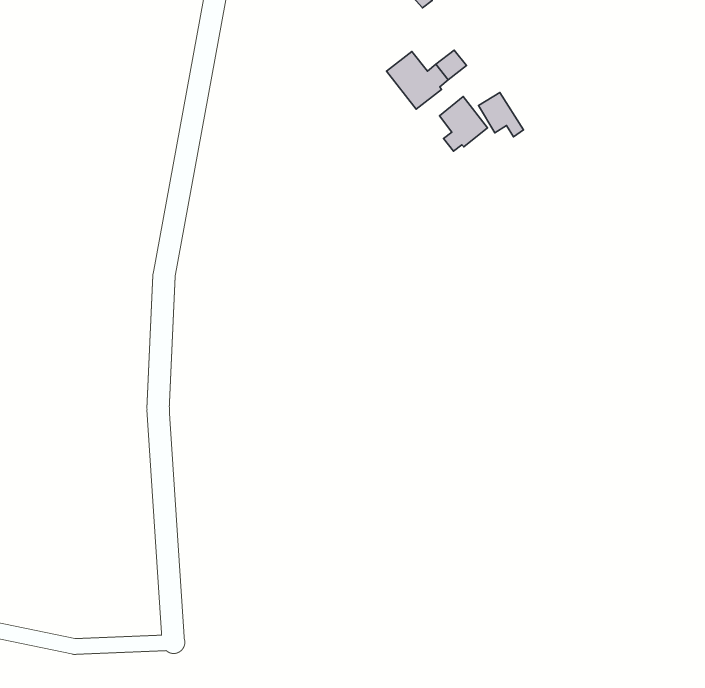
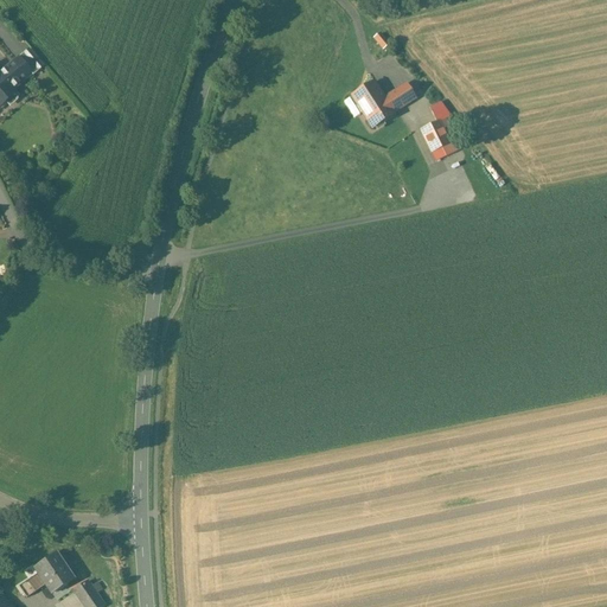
building: [439,97,488,151] -> none

